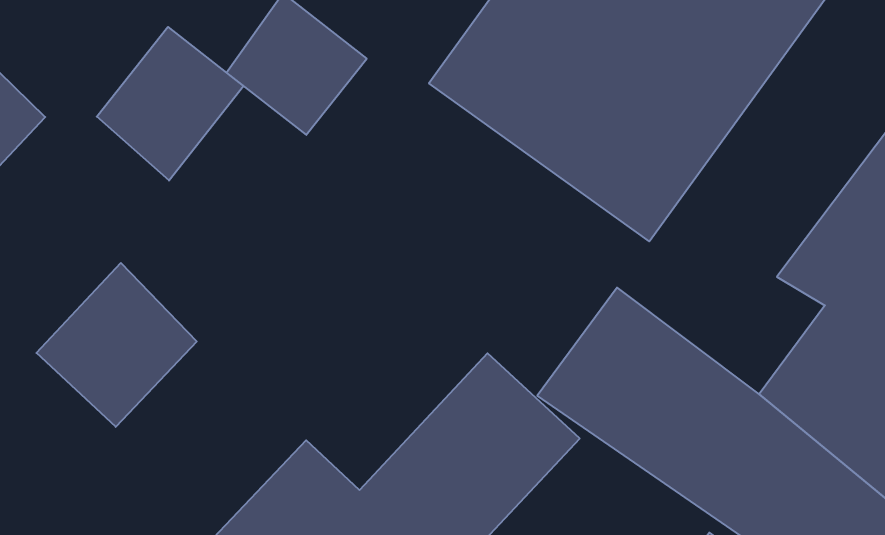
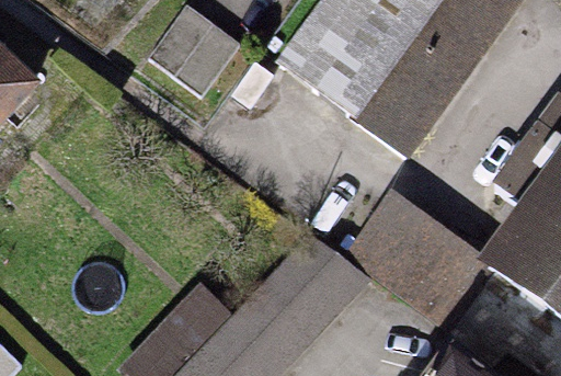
building: [97,27,243,181] -> none
building: [36,263,197,427] -> none

